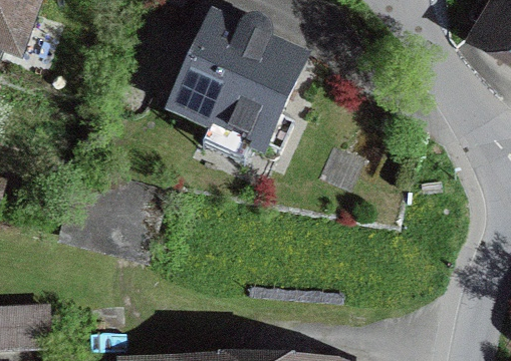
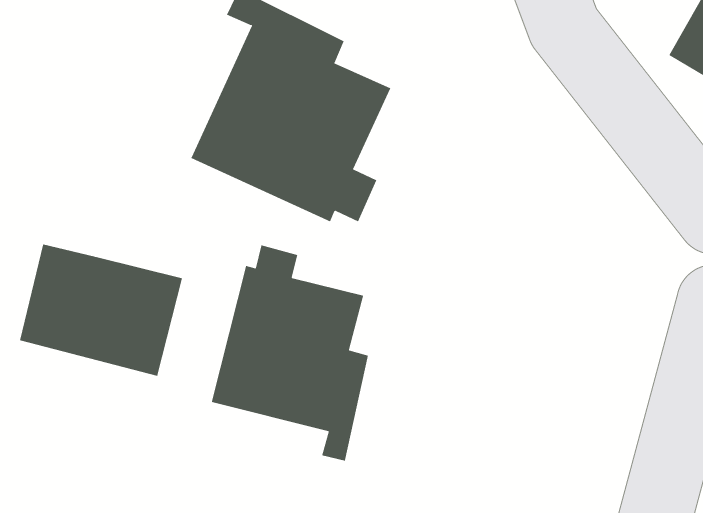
building: none -> [211,245,368,462]

